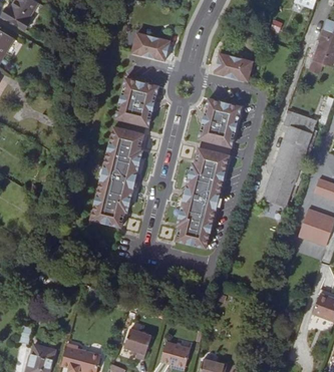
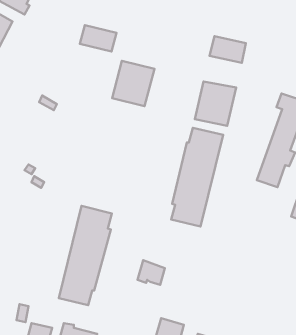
building: [133,33,171,60] -> [80,25,116,52]
building: [92,125,146,227] -> [59,206,112,305]
building: [124,328,152,353] -> [137,260,165,285]

